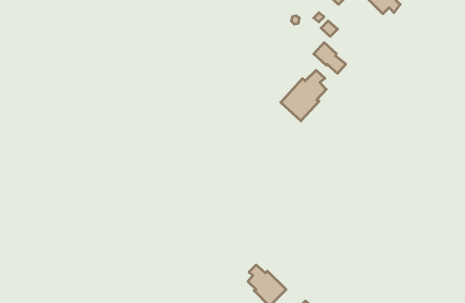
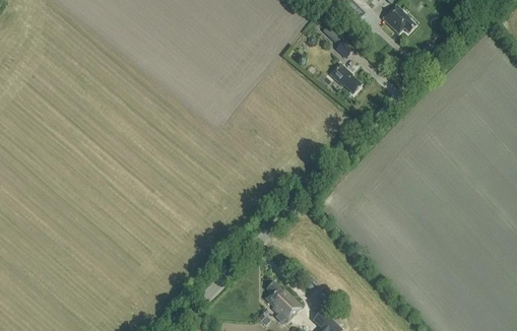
building: [281,70,326,121] -> none

